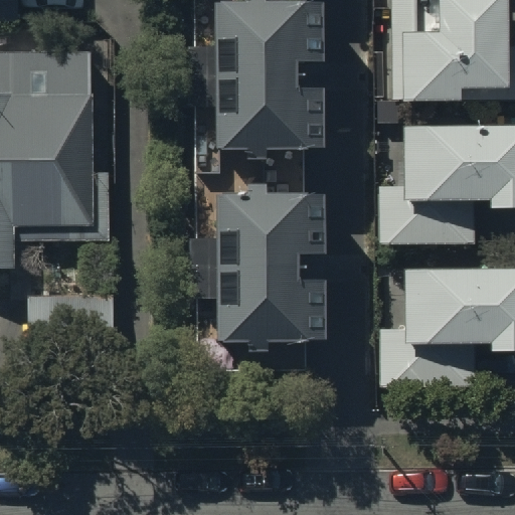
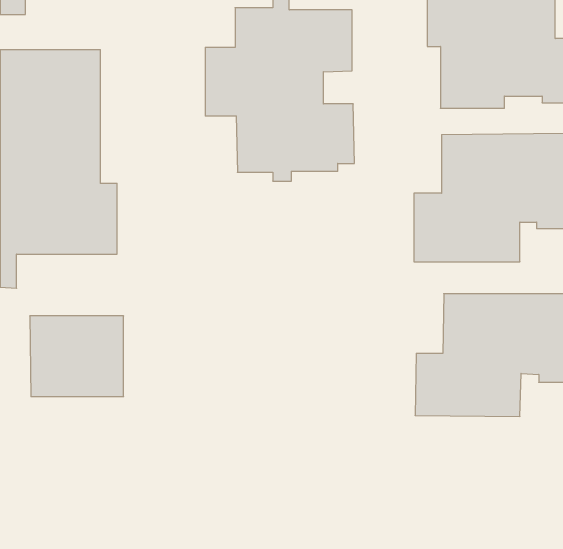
building: [190,184,324,356] -> none

